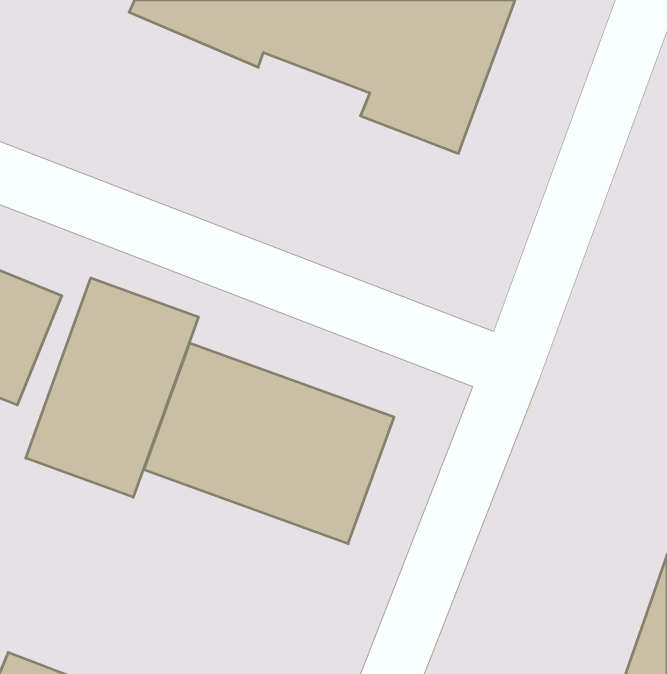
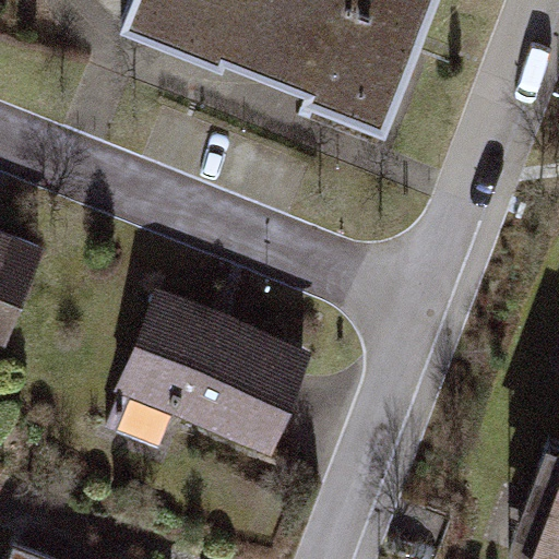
building: [26,278,198,497] -> none

